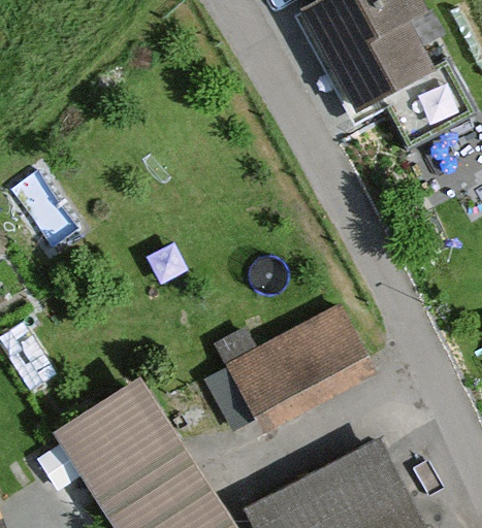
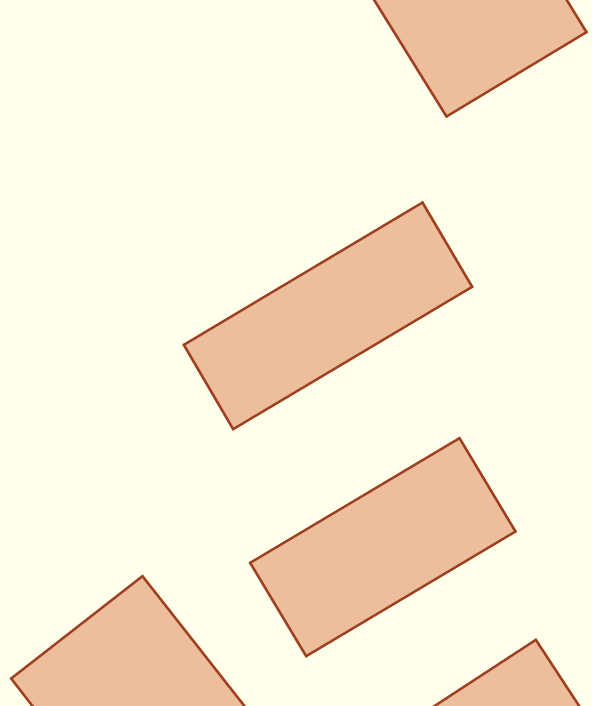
building: none -> [184,203,472,429]

